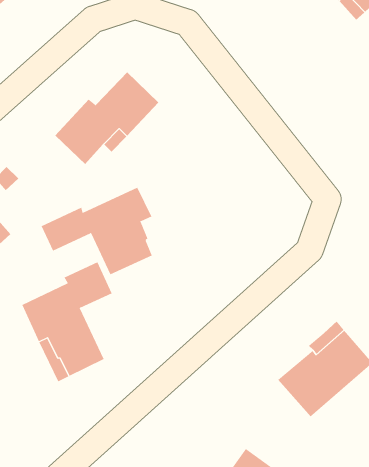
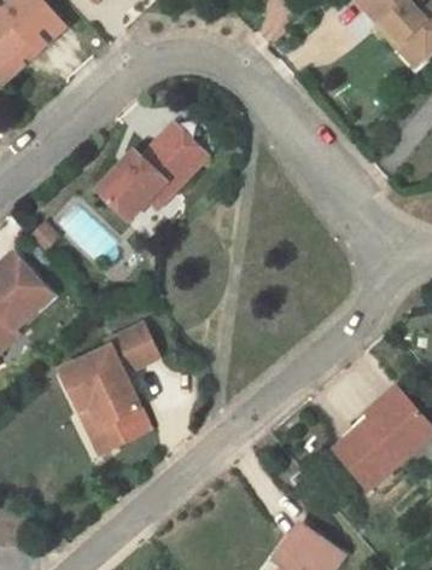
building: [41,187,153,275] -> none

